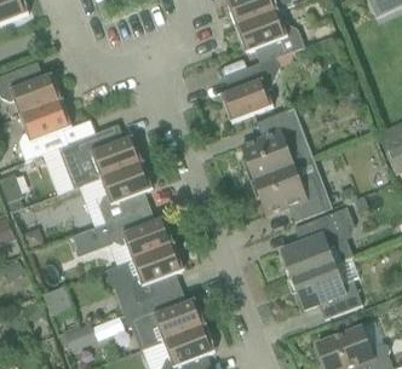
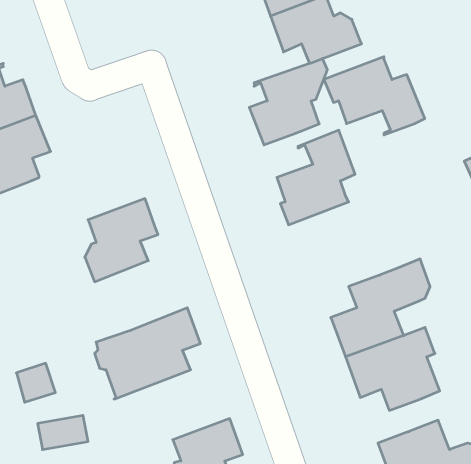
building: [58,123,143,189] -> none
building: [249,163,325,221] -> [324,57,425,135]
building: [71,207,174,259] -> none
building: [120,288,206,350] -> none

